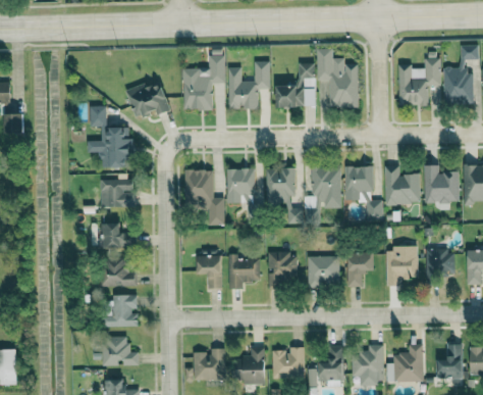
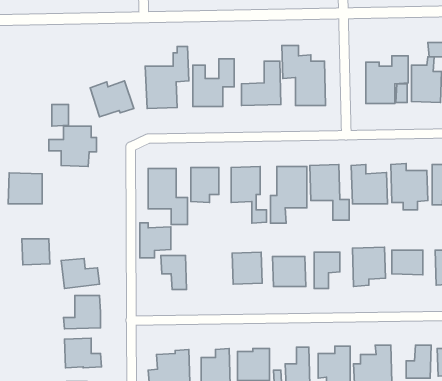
building: [100,179,133,209] -> [8,173,42,204]
building: [101,223,128,248] -> [22,239,50,265]
building: [228,254,259,289] -> [140,223,171,258]

